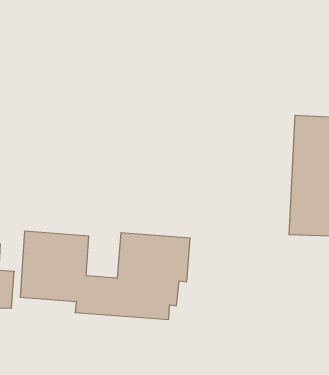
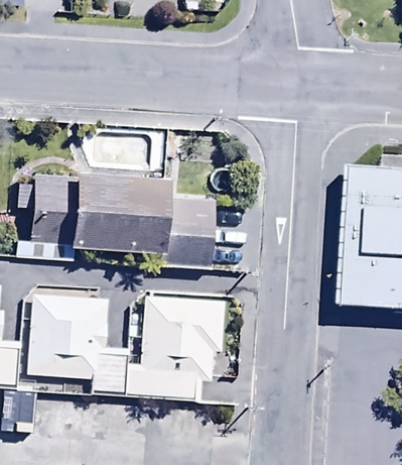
building: none -> [16,171,215,268]

